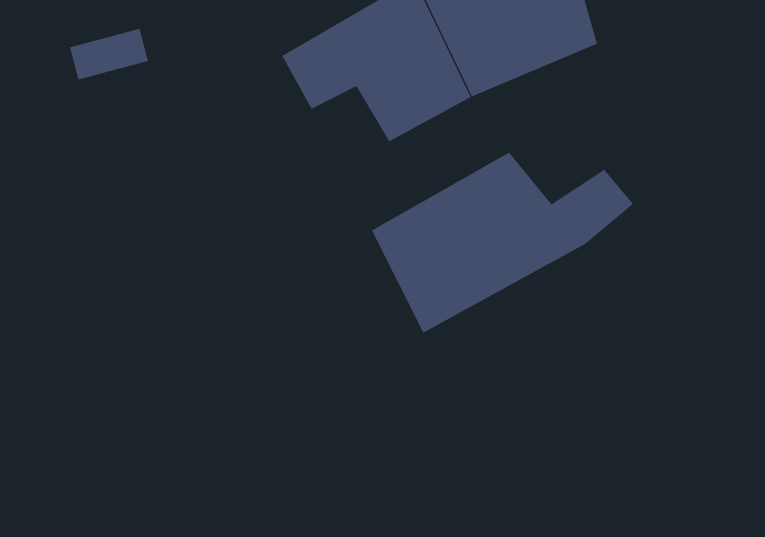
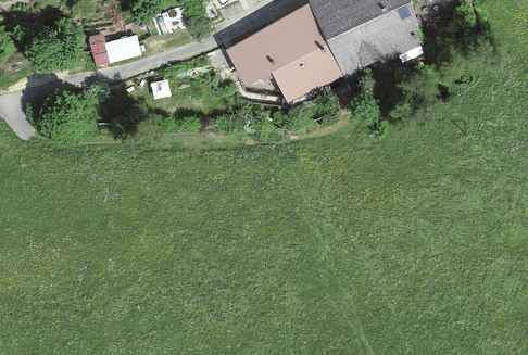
building: [371,152,634,334] -> none

